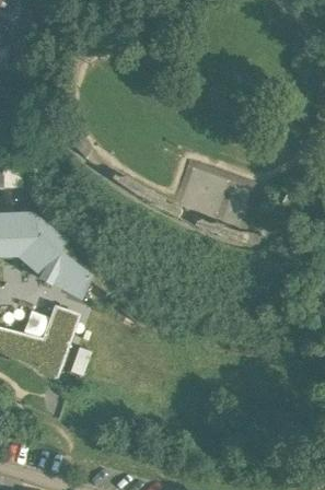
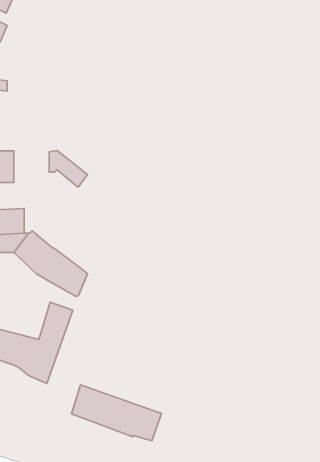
building: [31,215,68,250] -> [49,151,88,187]
building: none -> [71,385,162,441]

